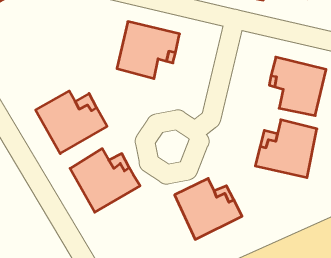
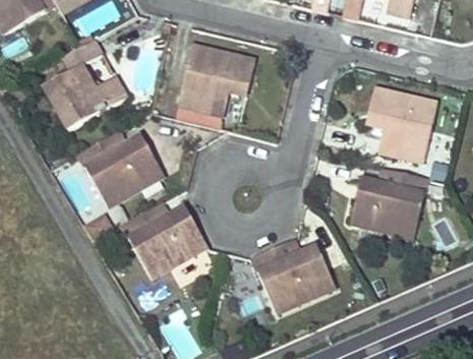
building: none -> [46,40,127,133]

